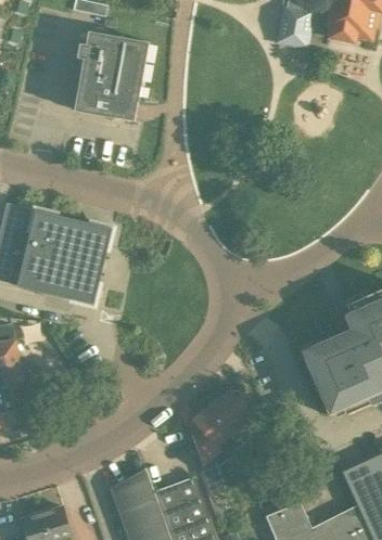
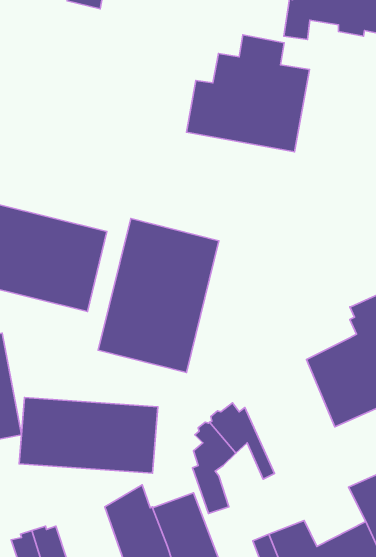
building: [74,31,150,123] -> none
building: none -> [187,35,310,152]
building: none -> [98,218,219,373]
building: none -> [19,397,158,473]

